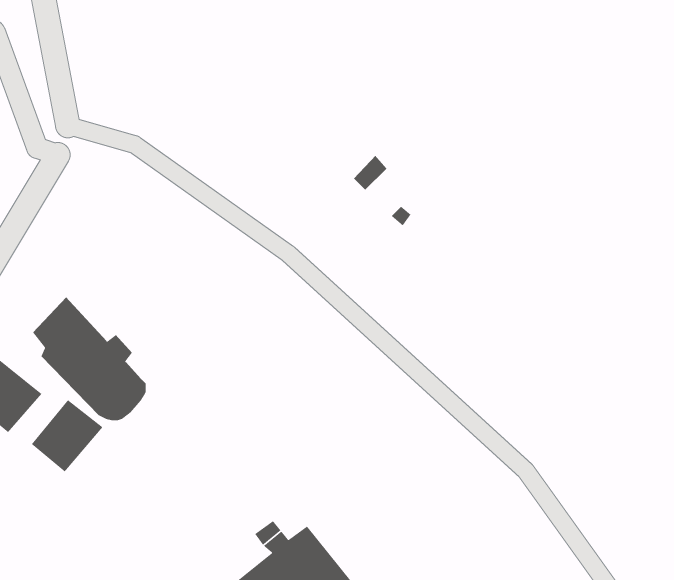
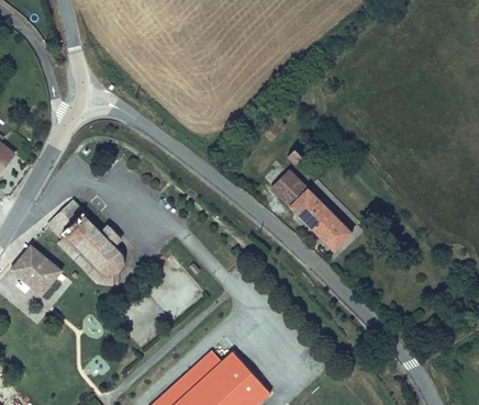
building: none -> [267,165,349,247]
building: [31,399,104,473] -> none

